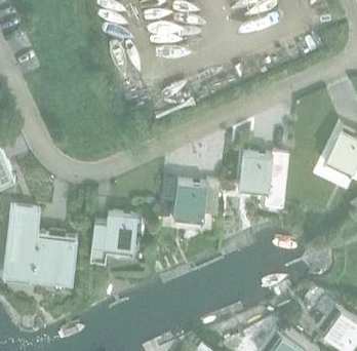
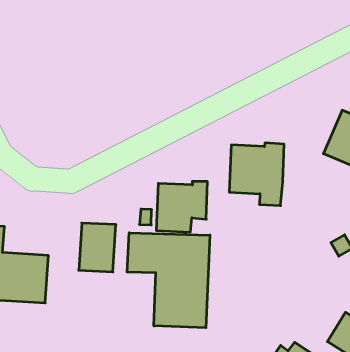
building: none -> [127,233,210,328]

